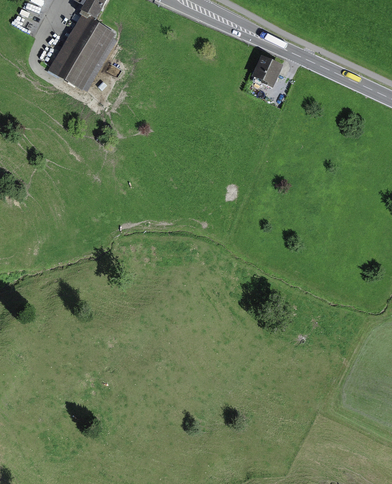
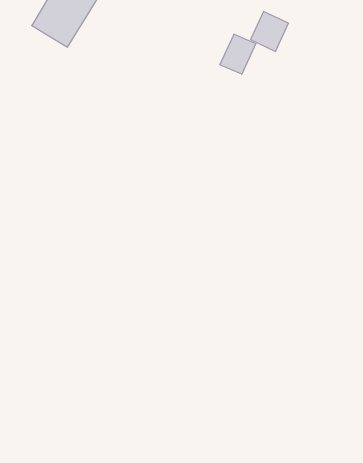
building: none -> [220,34,256,74]

